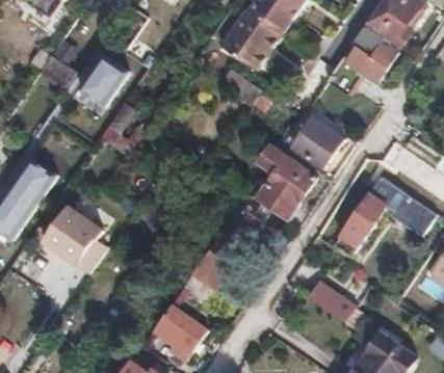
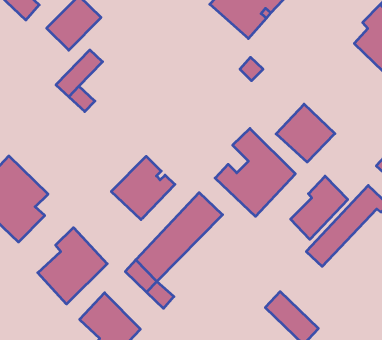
building: none -> [291,176,348,239]
building: none -> [111,156,175,220]
building: none -> [38,228,107,304]

